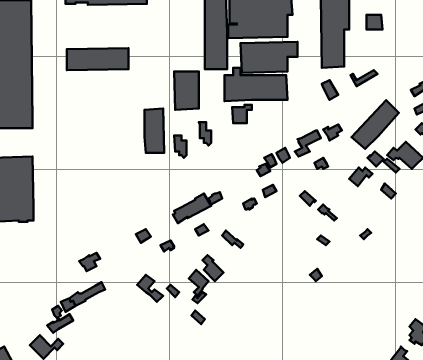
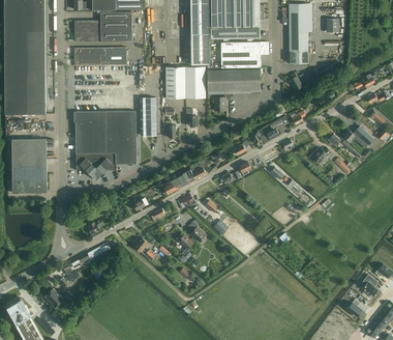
building: none -> [73,11,131,41]
building: none -> [185,66,205,97]
building: [352,100,399,149] -> none
building: none -> [74,111,135,176]

